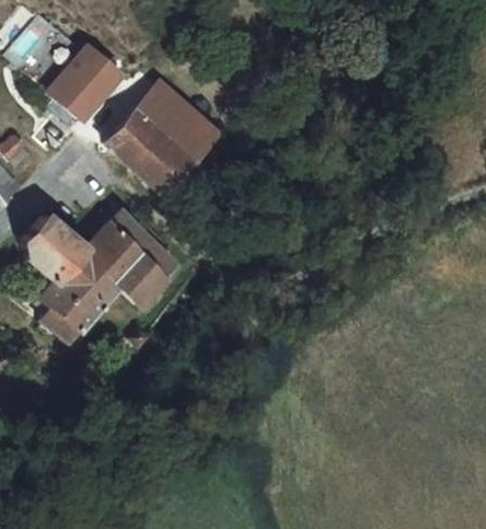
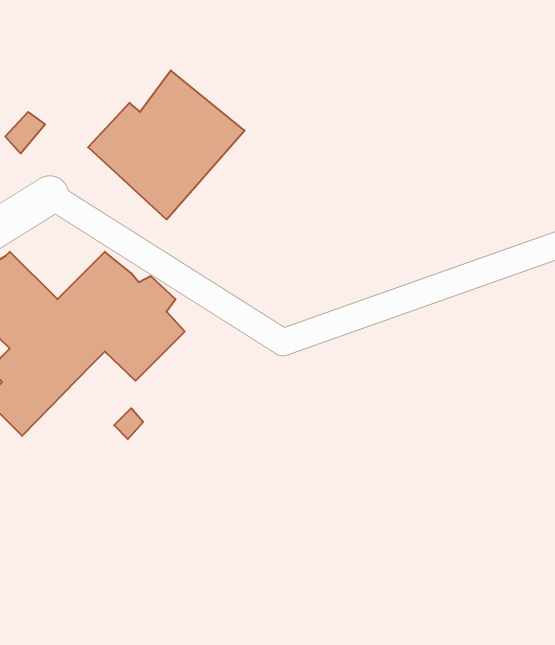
building: [50,43,124,115] -> none

